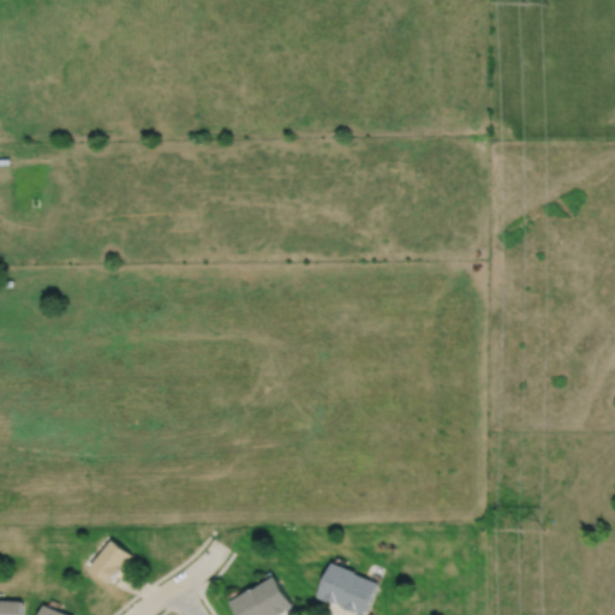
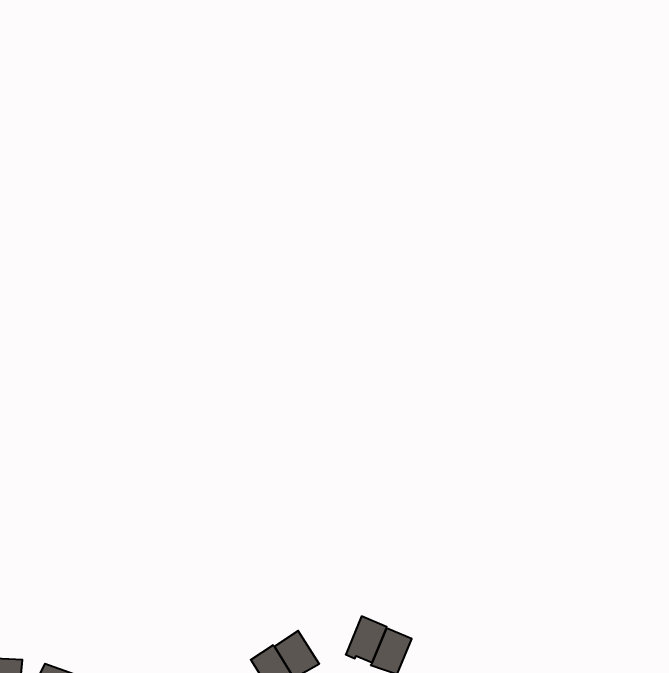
building: [89,541,130,584] -> none

